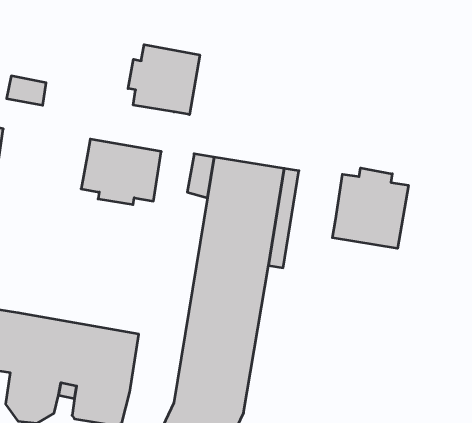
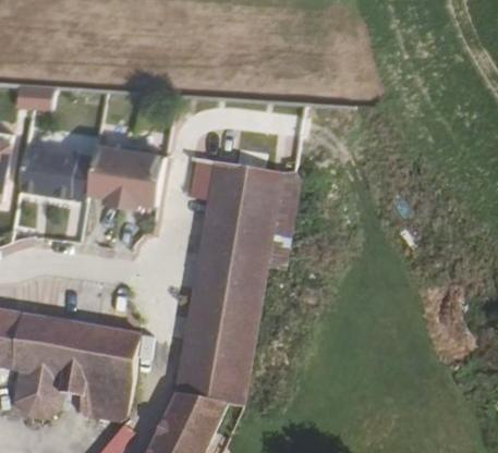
building: [128,45,200,115] -> none
building: none -> [17,145,92,199]
building: [332,168,408,248] -> none

